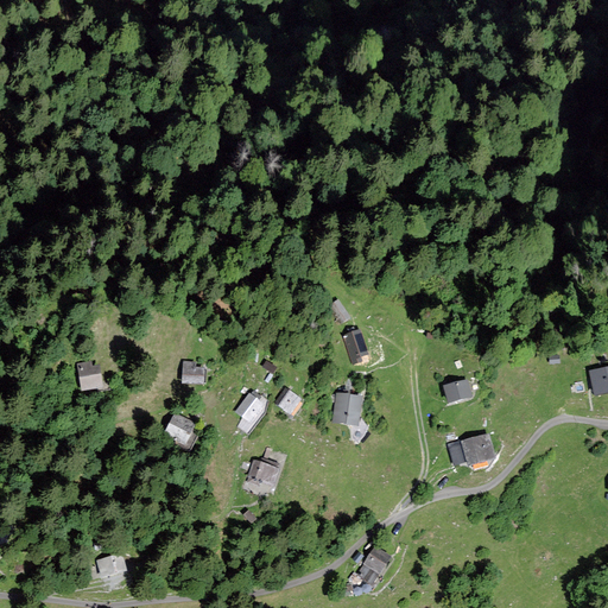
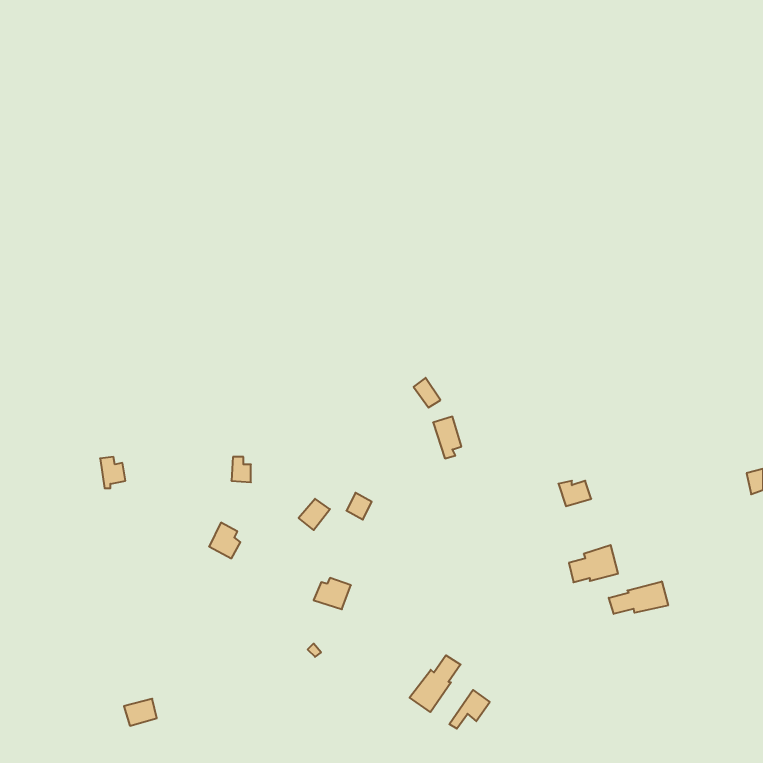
building: [334,395,361,424] -> none
building: none -> [609,581,668,614]
building: none -> [410,655,461,712]

